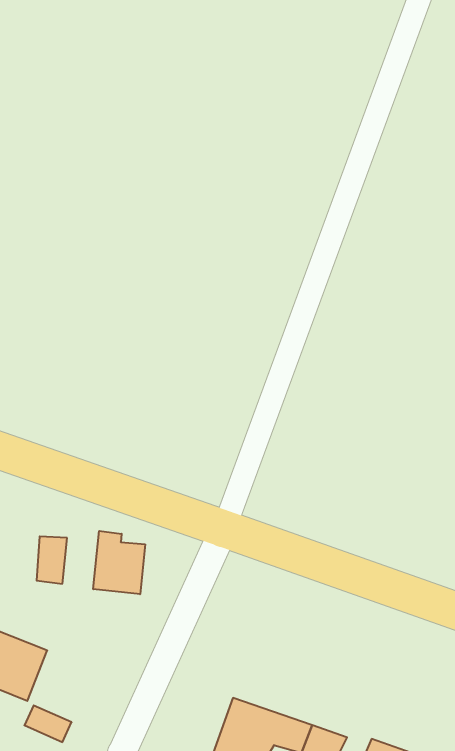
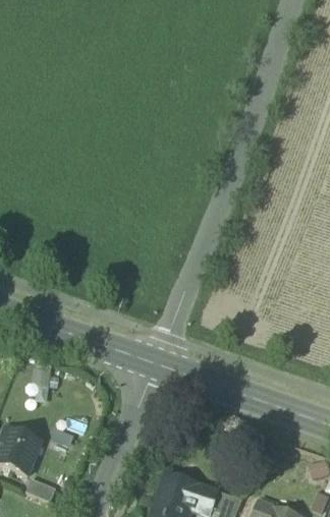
building: [93,531,145,594] -> none

